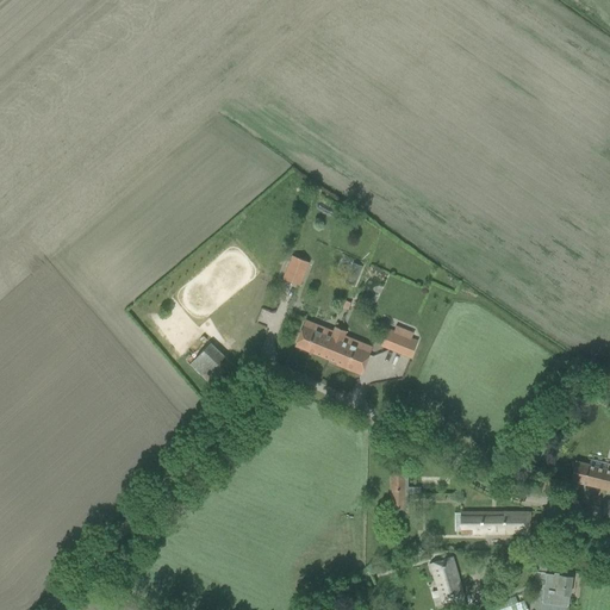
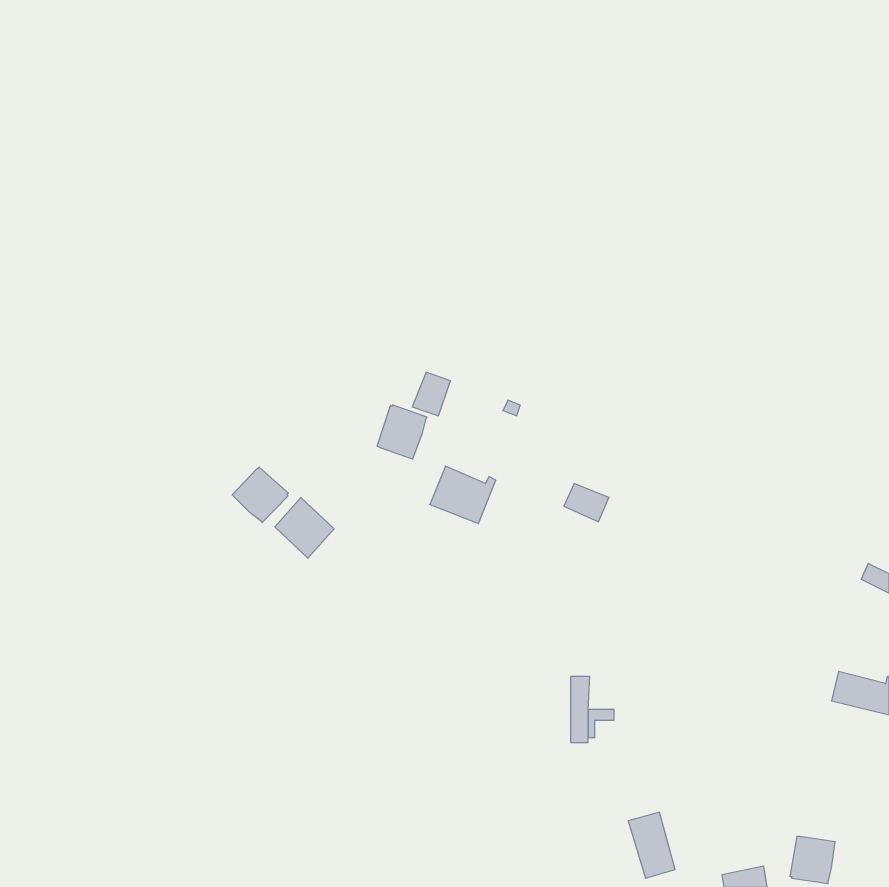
building: none -> [377,405,427,459]
building: none -> [232,467,288,523]
building: [328,329,372,372] -> none
building: [460,511,529,534] -> none

